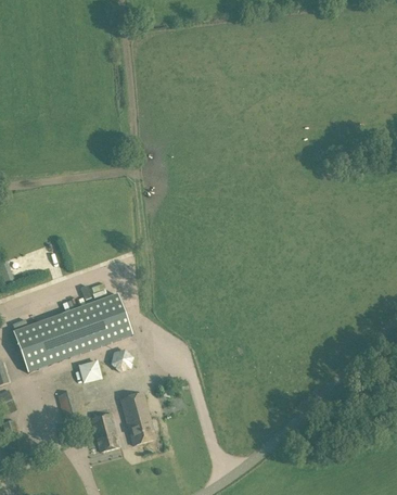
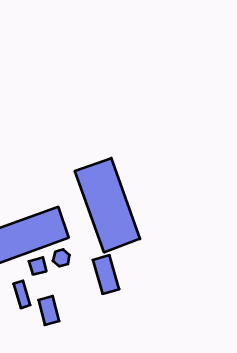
building: none -> [75,158,140,252]
building: [119,392,155,444] -> [93,255,119,294]

